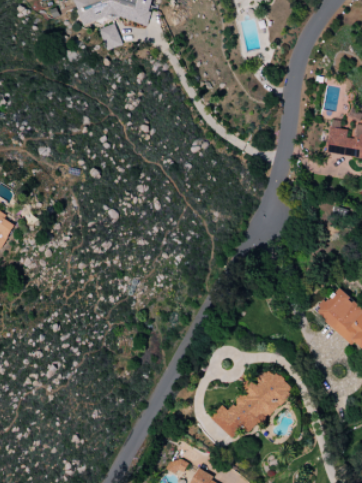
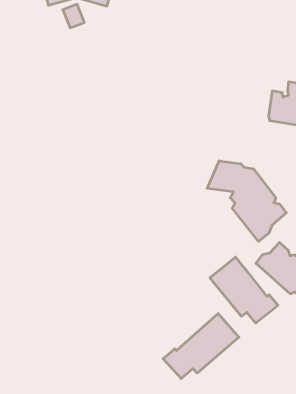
building: none -> [207,161,286,241]
building: none -> [210,257,278,323]

